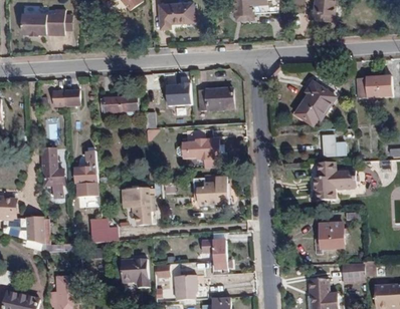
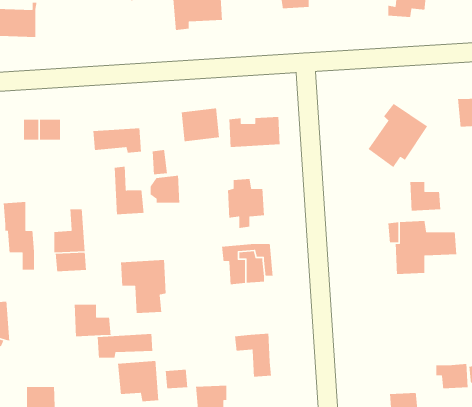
building: none -> [114,166,145,215]
building: [176,139,197,160] -> [150,175,180,204]
building: [315,221,346,252] -> none
building: none -> [97,333,153,359]

